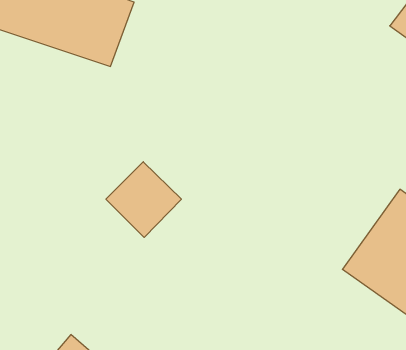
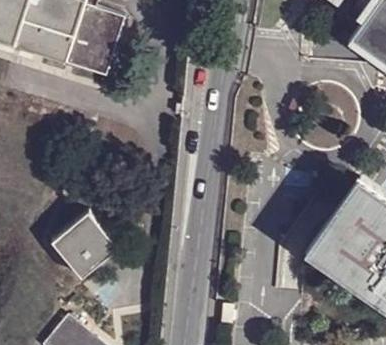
building: [106,162,181,237] -> [46,208,113,275]

